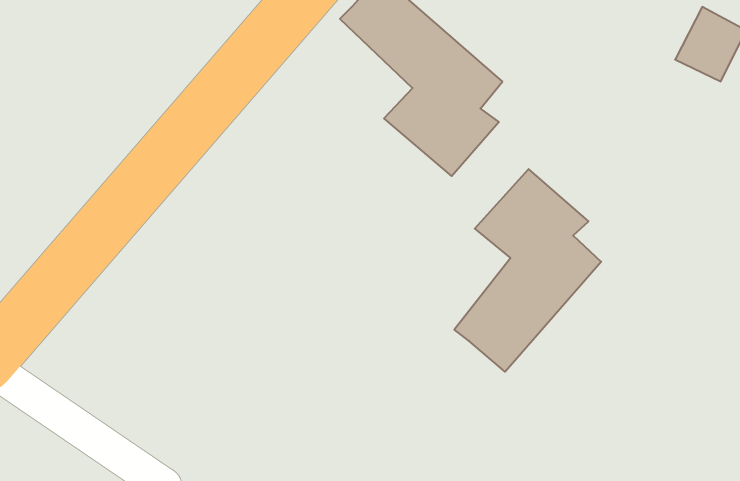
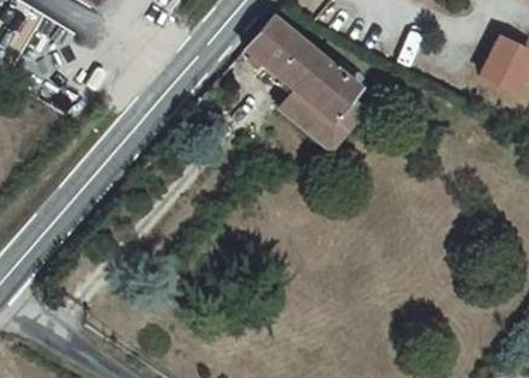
building: [454,169,601,372] -> none

